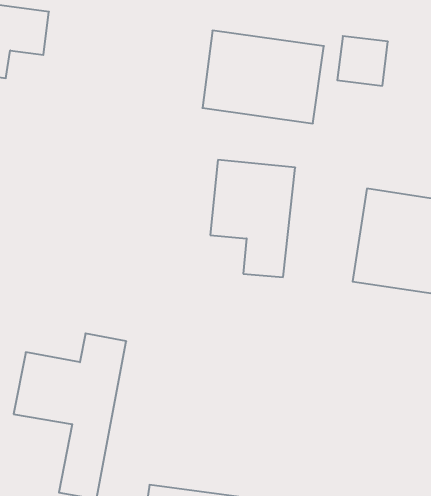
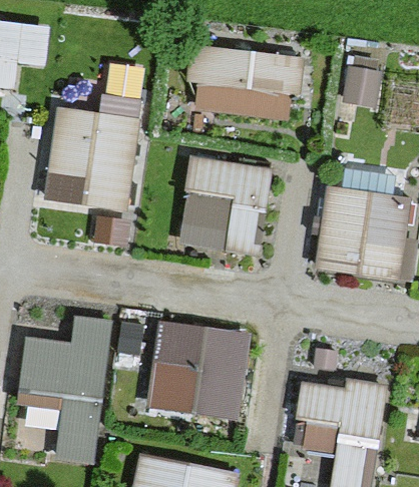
building: none -> [70,98,150,205]
building: none -> [169,321,258,416]
building: none -> [311,377,399,456]

